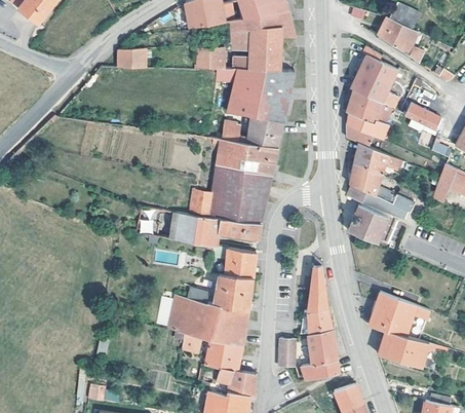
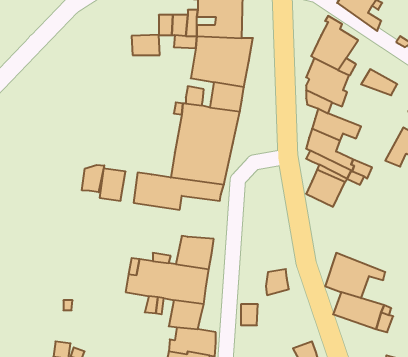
building: [119,46,148,67] -> [132,35,160,55]
building: [189,186,212,214] -> none
building: none -> [82,165,104,192]
building: [223,249,256,276] -> none
building: [308,265,326,310] -> none
building: [303,328,339,377] -> none

